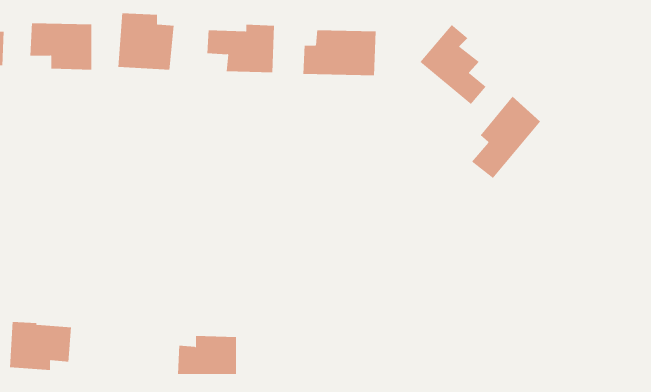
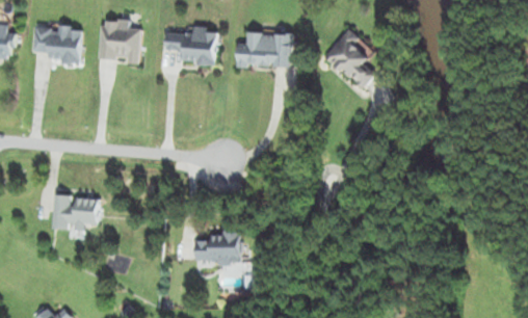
building: [471,96,541,179] -> none
building: [9,322,72,370] -> [52,193,99,230]
building: [177,335,237,374] -> [195,232,240,261]

